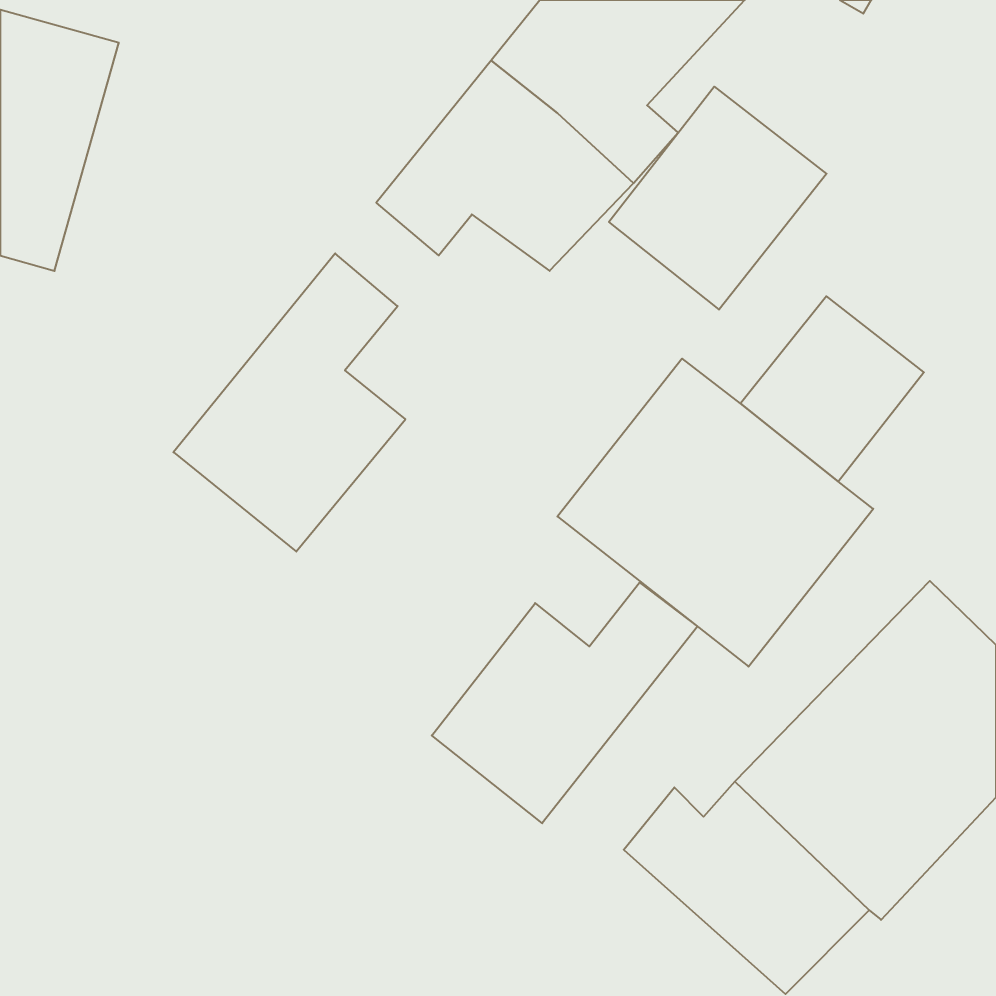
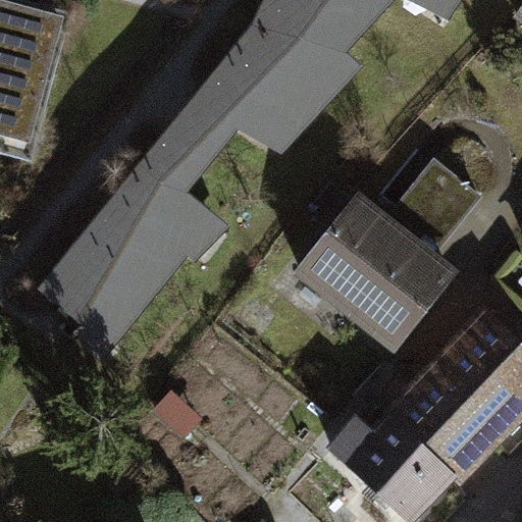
building: [609,87,827,310] -> none
building: none -> [47,237,155,344]
building: [432,583,698,823] -> none

